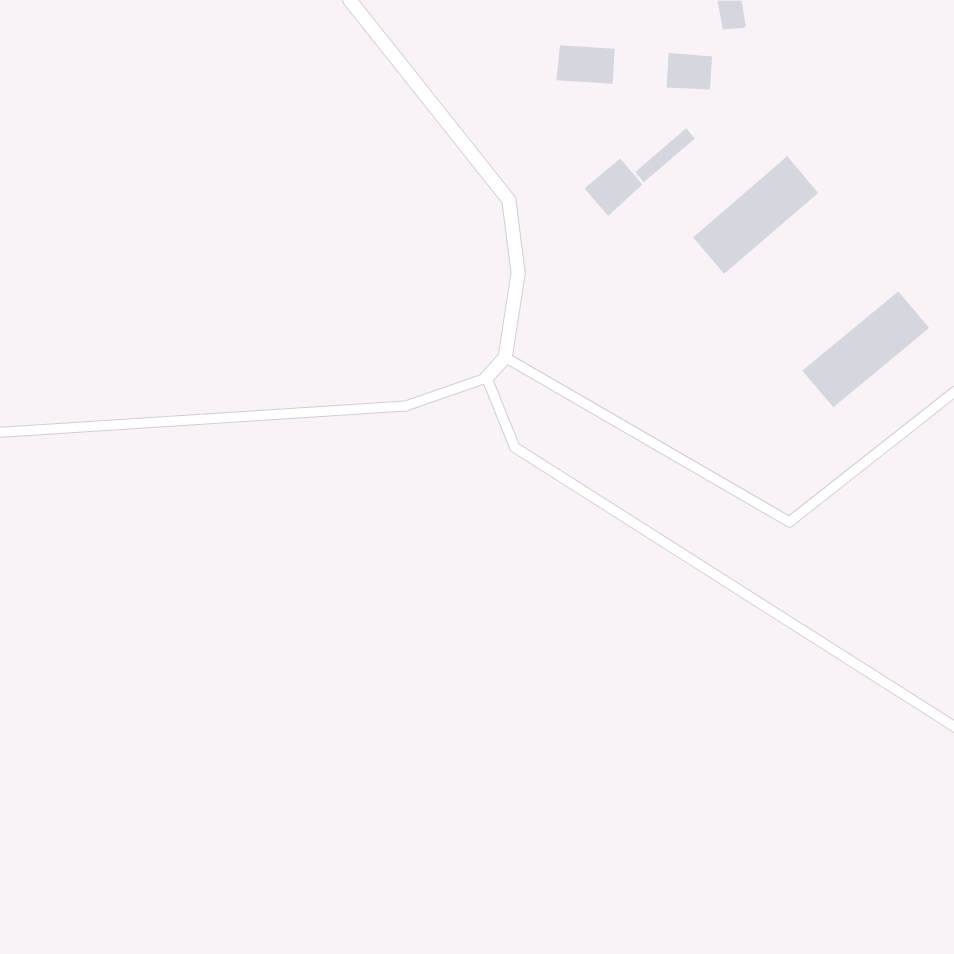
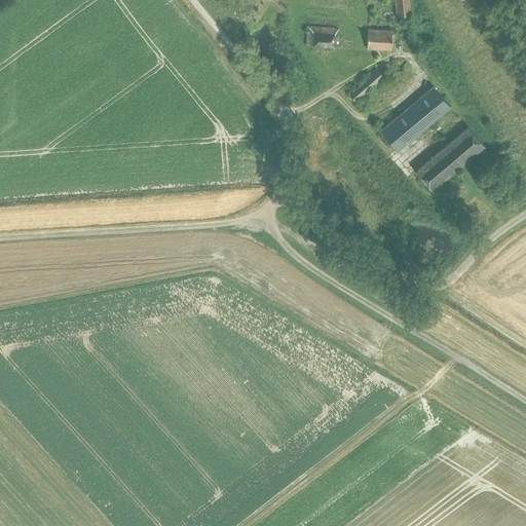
building: [584,158,643,217] -> none
building: [801,290,930,408] -> [415,127,486,192]

